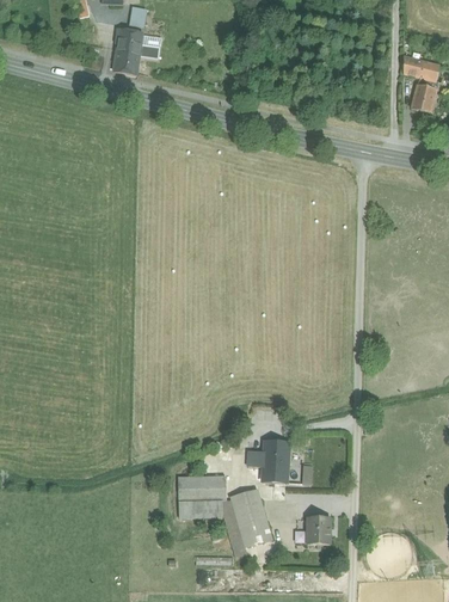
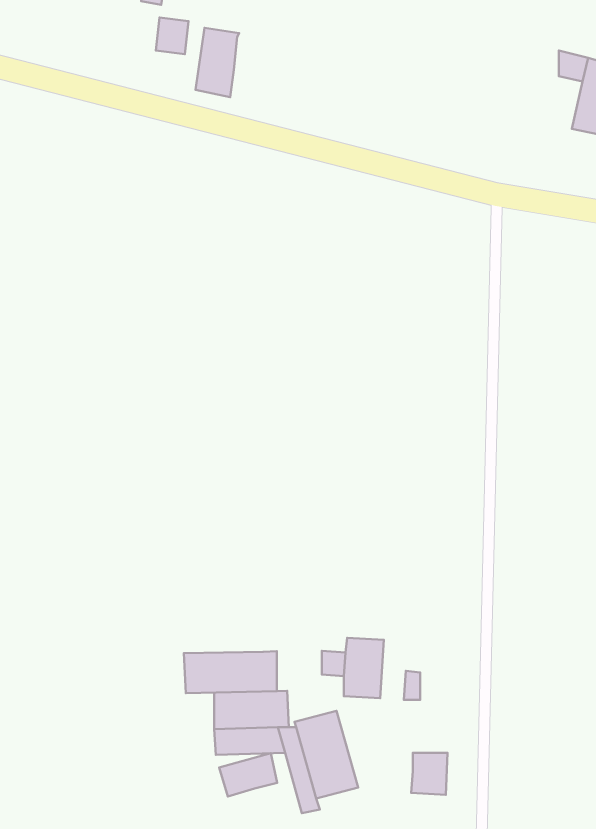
building: [113,29,142,74] -> [195,28,239,97]
building: none -> [184,651,277,693]
building: none -> [219,753,277,797]

